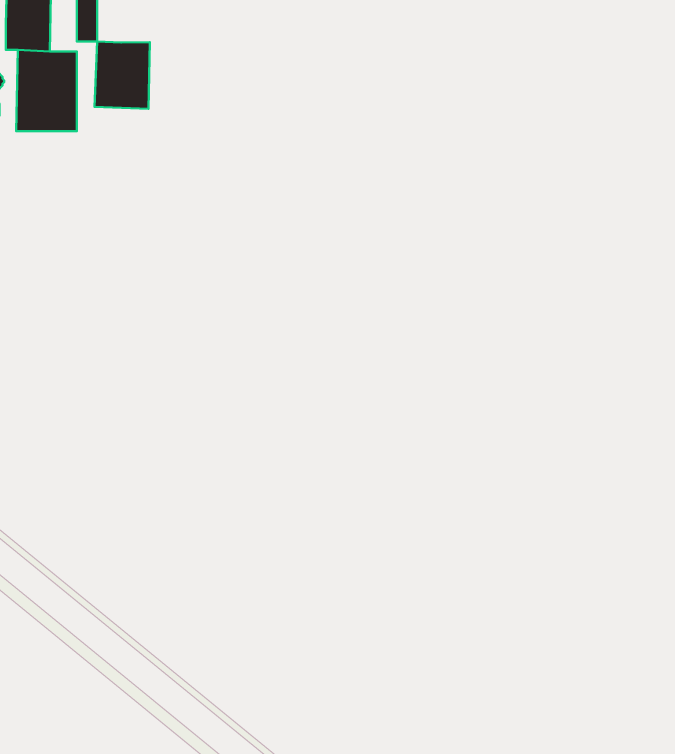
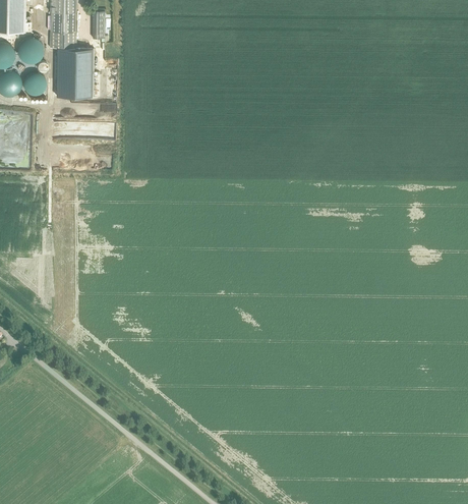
building: [94,41,150,109] -> none

